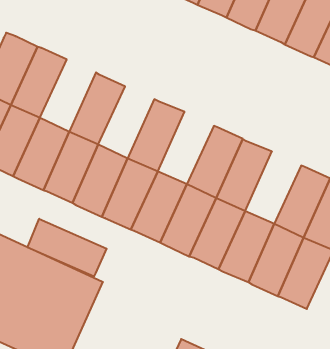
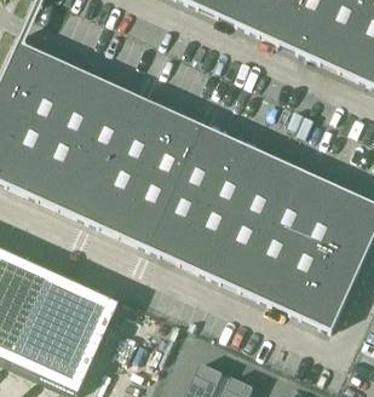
building: none -> [53,69,111,144]
building: none -> [114,97,172,172]
building: none -> [176,123,234,199]
building: none -> [266,165,324,240]
building: [27,219,107,276] -> none

